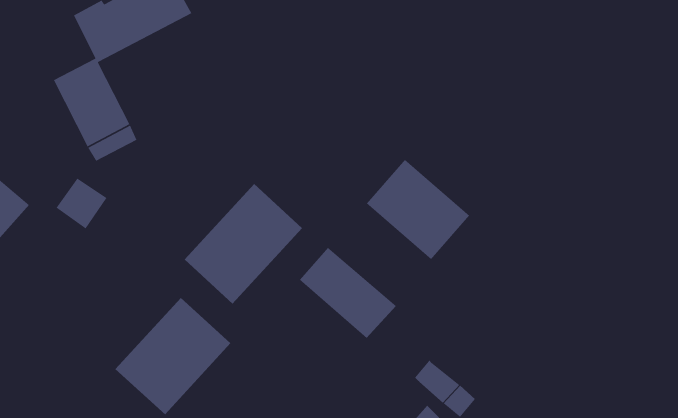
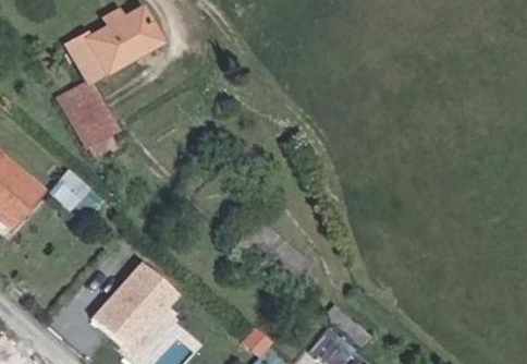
building: [366,159,470,260] -> none
building: [184,183,303,305] -> none

